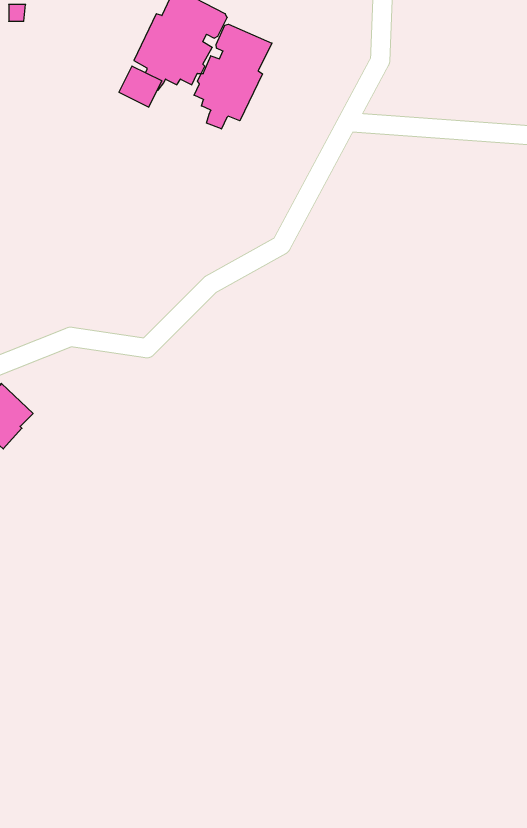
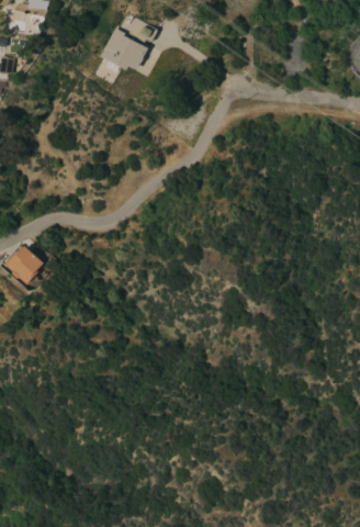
building: [194,24,272,129] -> none

